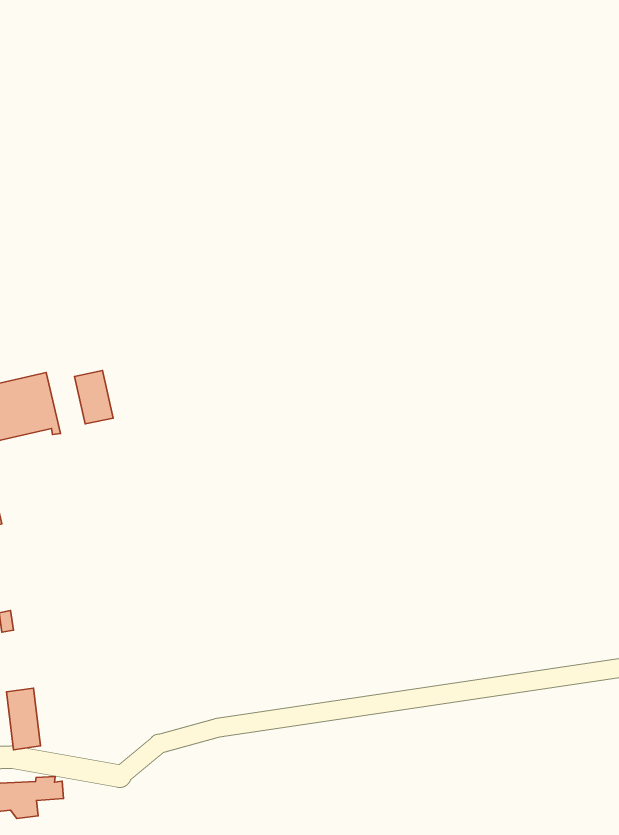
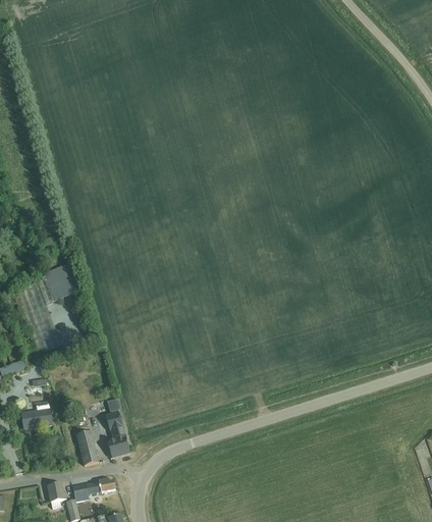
building: [75,371,113,424] -> none
building: none -> [105,398,128,457]

